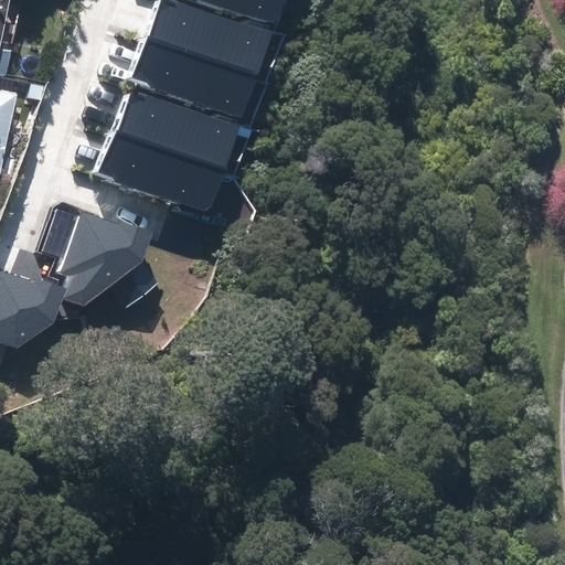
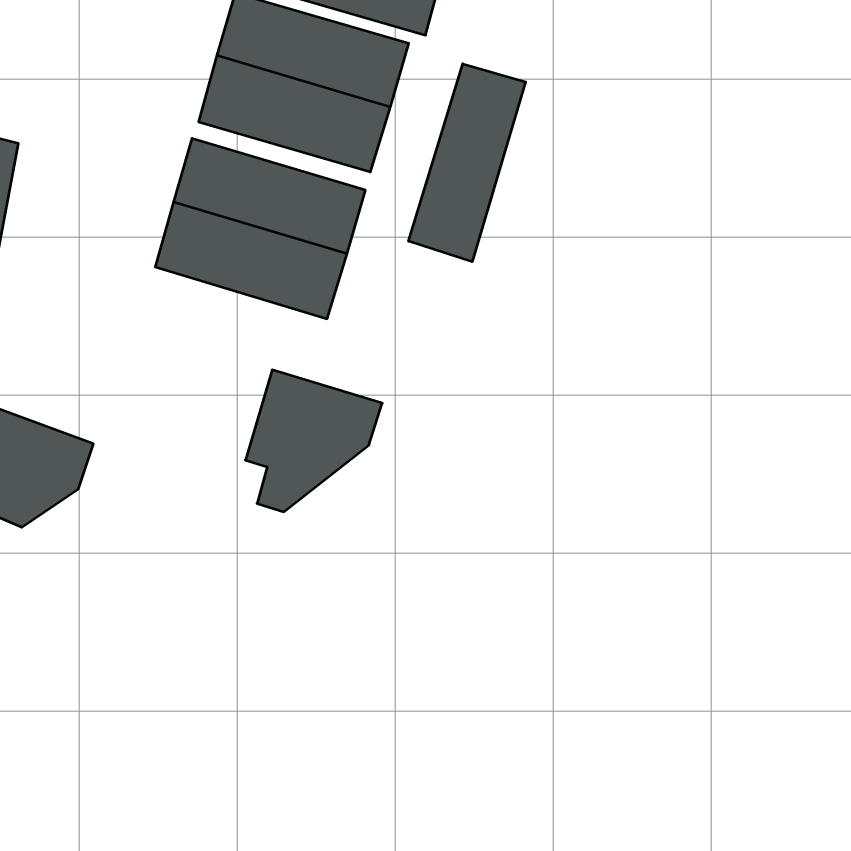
building: none -> [409,64,526,262]
building: [60,211,150,305] -> [245,370,382,512]

